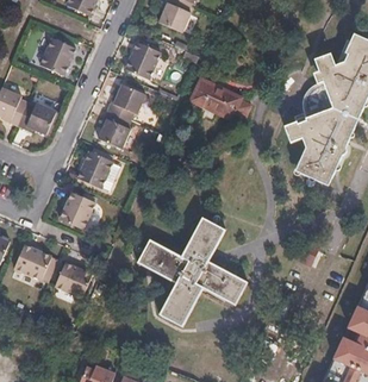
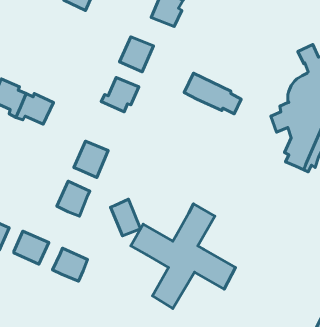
building: [43,37,77,74] -> none
building: [101,108,132,148] -> none
building: none -> [110,199,141,236]

